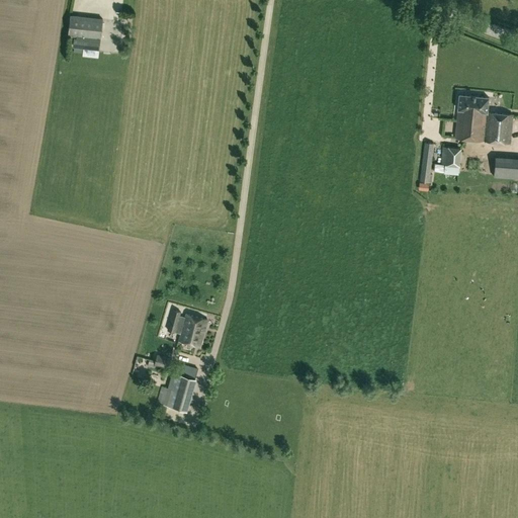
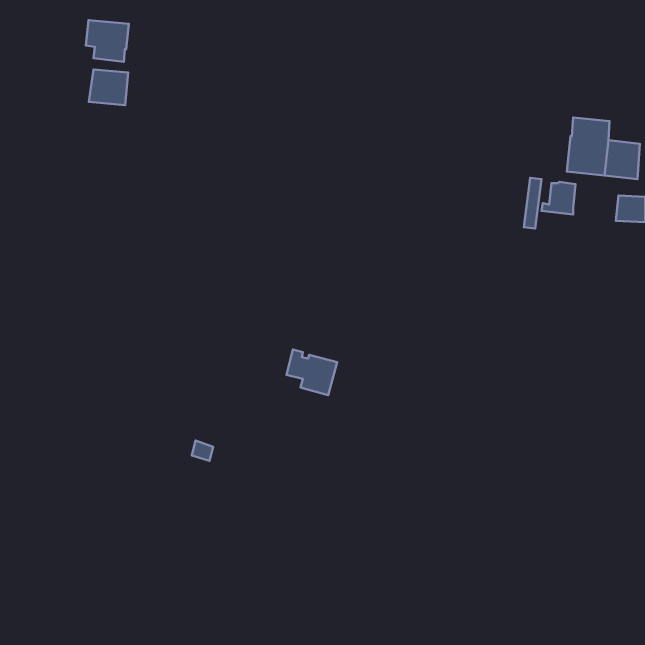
building: none -> [89,69,128,105]
building: [168,310,208,346] -> [287,350,337,395]
building: [157,362,197,411] -> none

